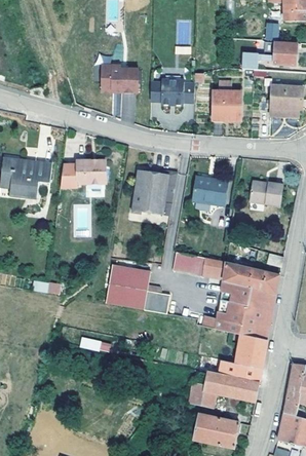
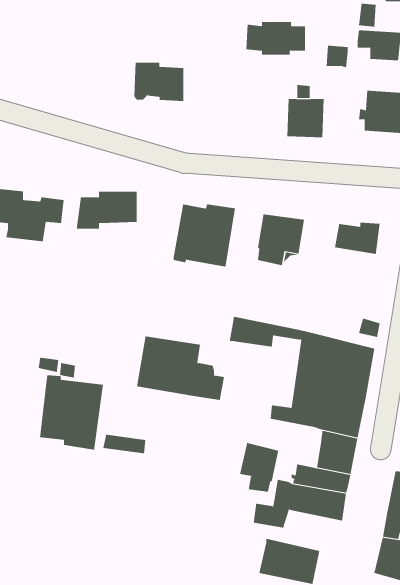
building: [151,80,195,105] -> [246,22,306,55]
building: none -> [39,375,103,450]
building: none -> [240,442,279,493]

